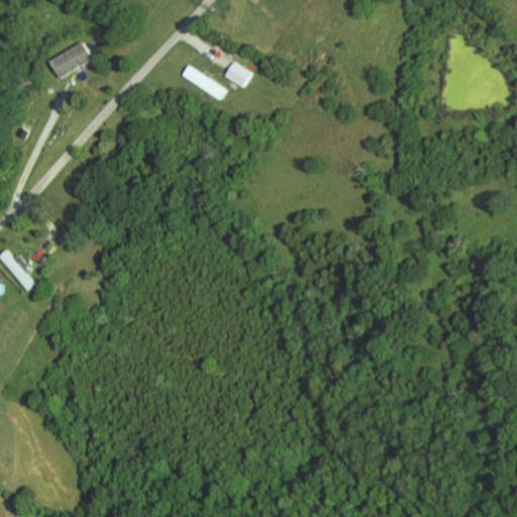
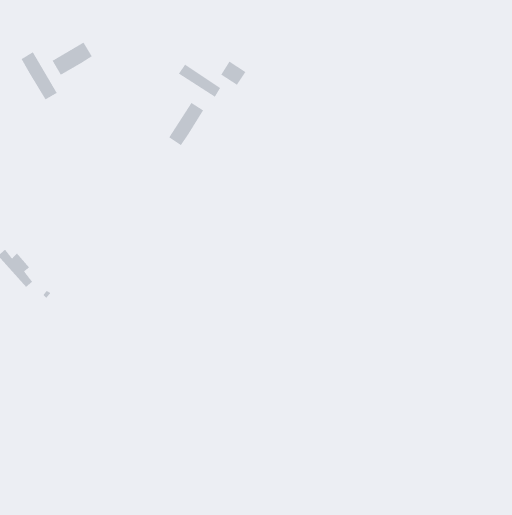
building: none -> [20,51,58,101]
building: none -> [168,102,204,146]

